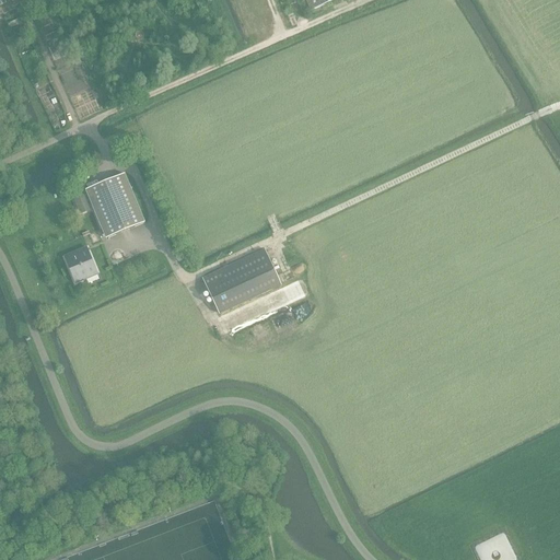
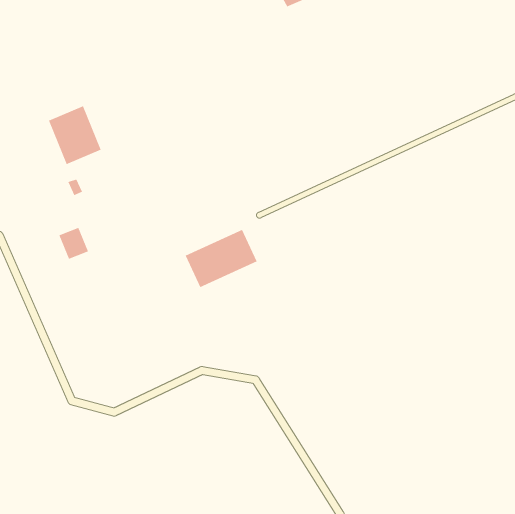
building: [85,173,143,237] -> [48,105,102,165]

